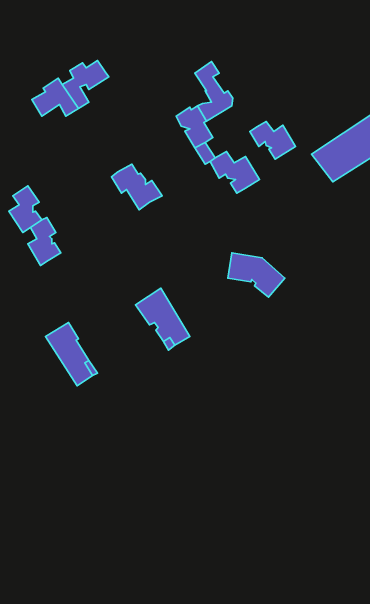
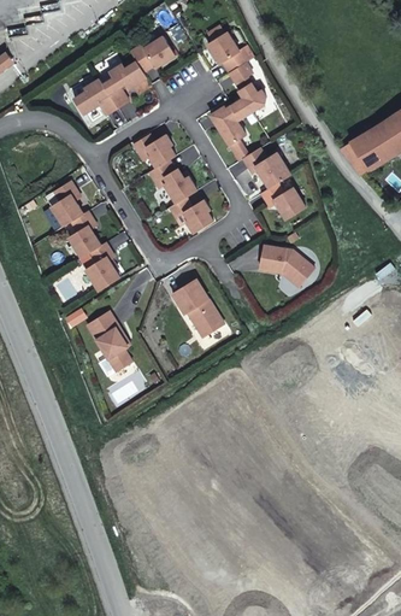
building: none -> [206,33,247,74]
building: none -> [130,36,175,72]
building: [250,121,295,159] -> [260,183,303,219]
building: none -> [132,134,175,168]
building: none -> [169,196,212,233]
building: none -> [84,242,118,291]

